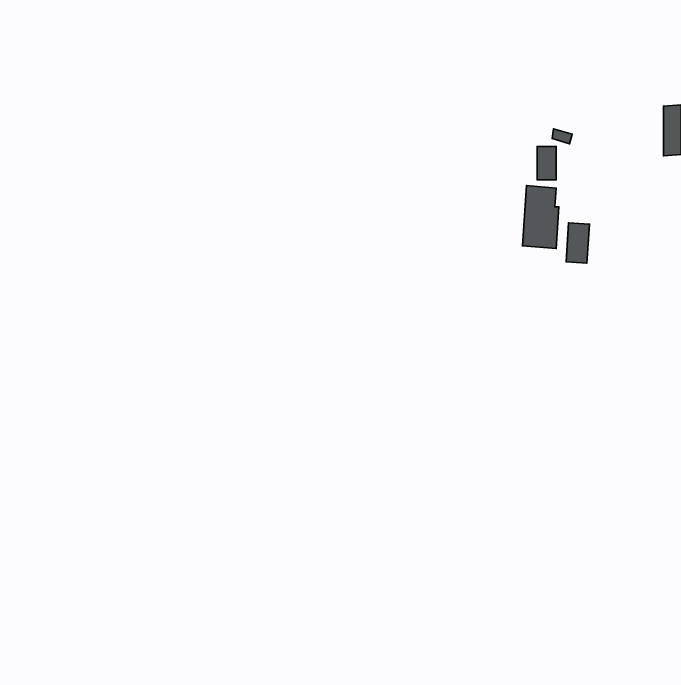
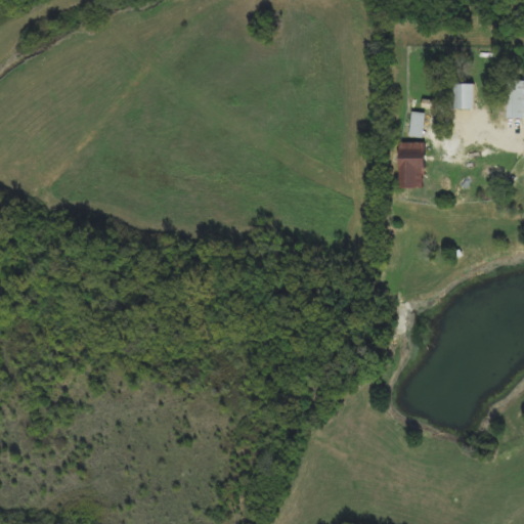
building: none -> [454,84,474,108]
building: [566,223,590,263] -> none

